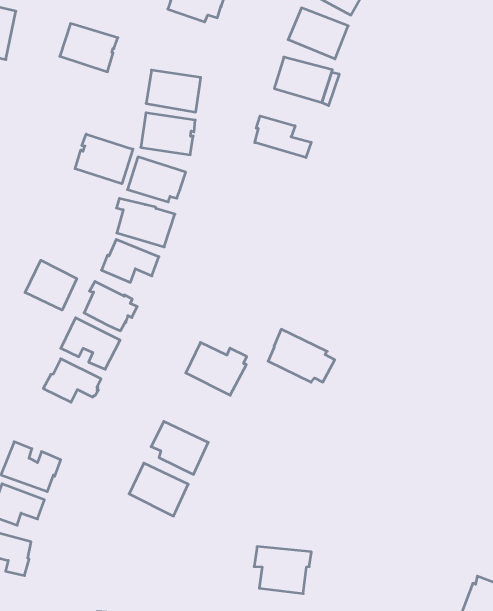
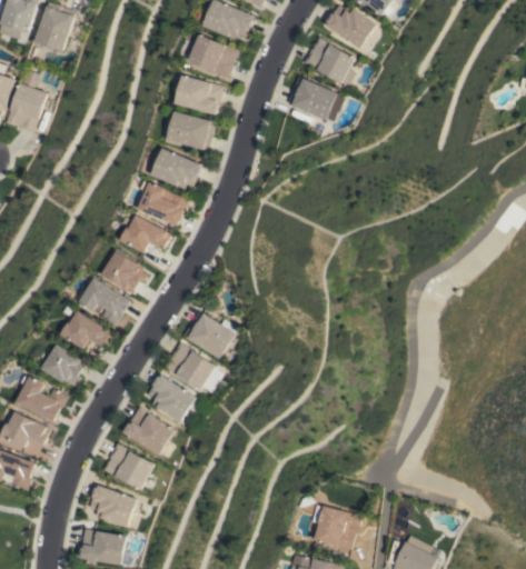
building: [60,24,118,72] -> [188,34,239,79]
building: [255,116,311,158] -> none
building: [75,134,133,184] -> none
building: [25,260,77,310] -> none
building: [268,329,335,382] -> [163,342,220,391]
building: none -> [39,345,86,386]
building: none -> [102,443,153,490]
building: [254,547,311,594] -> [311,506,361,550]
building: none -> [87,485,136,527]

